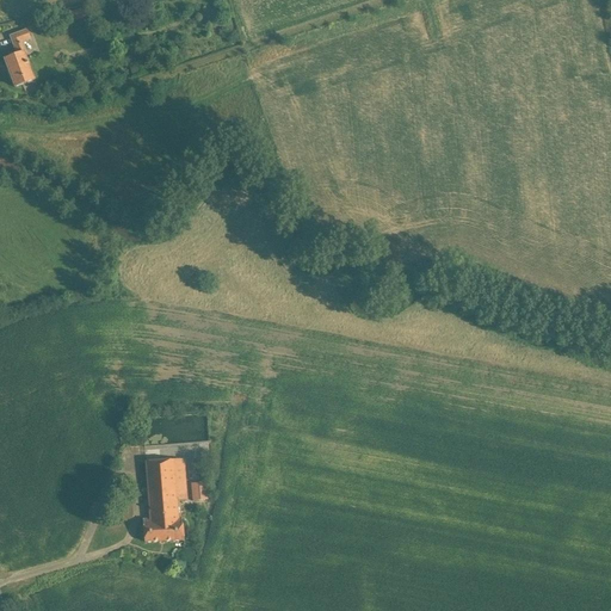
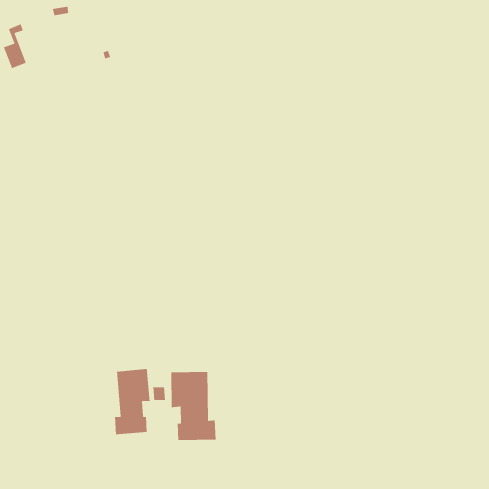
building: none -> [170,371,217,441]

